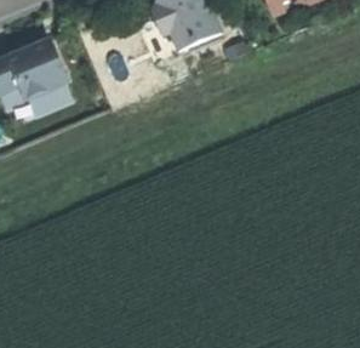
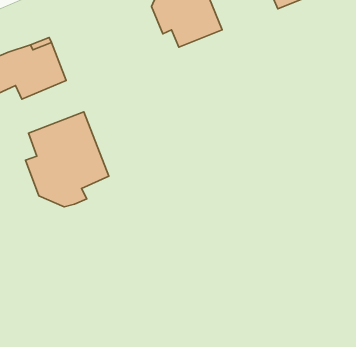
building: none -> [25,112,109,207]

